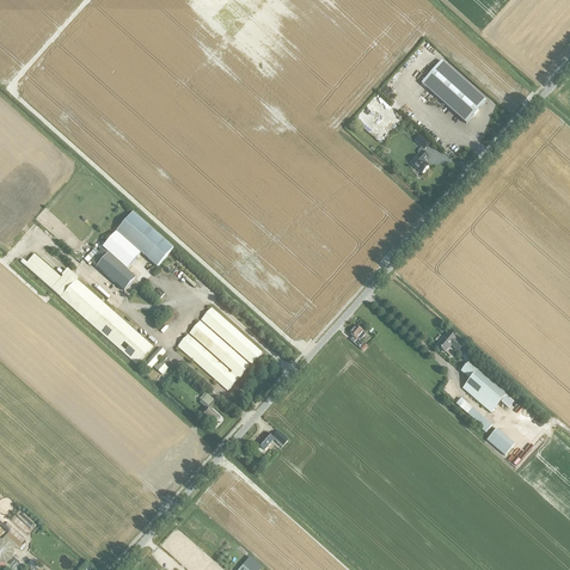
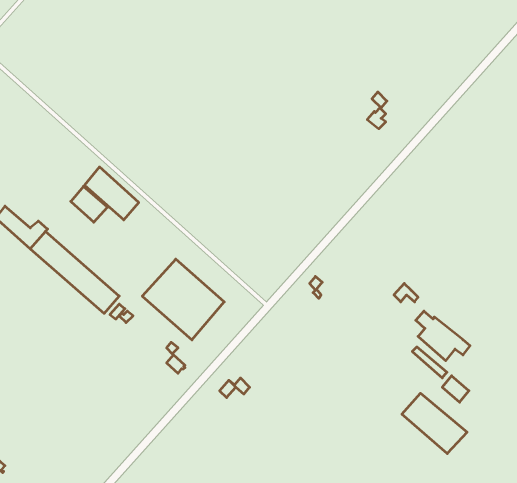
building: [421,59,485,122] -> none
building: [88,246,135,289] -> none
building: none -> [402,393,467,454]

